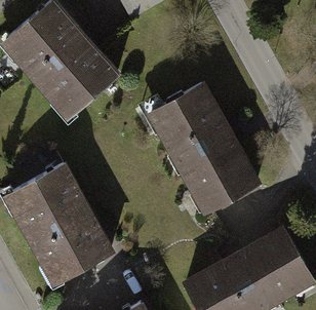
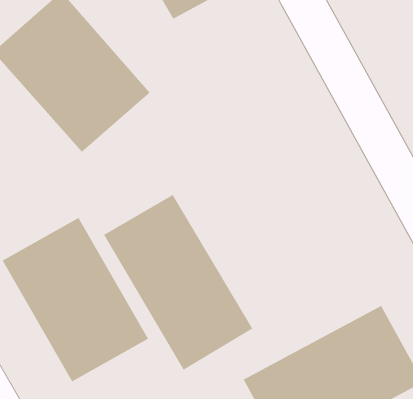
building: [148,86,258,216] -> [103,194,253,371]

